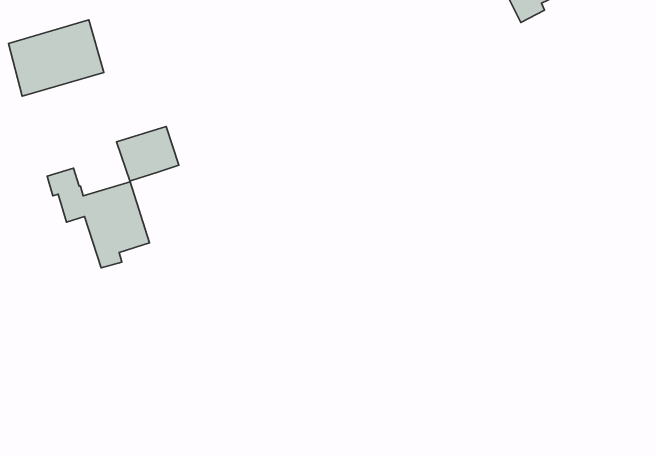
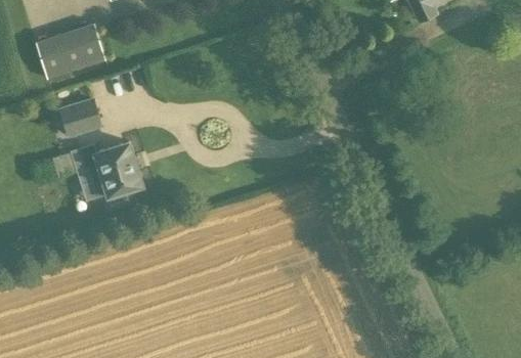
building: [116,126,179,182] -> [55,99,101,140]

